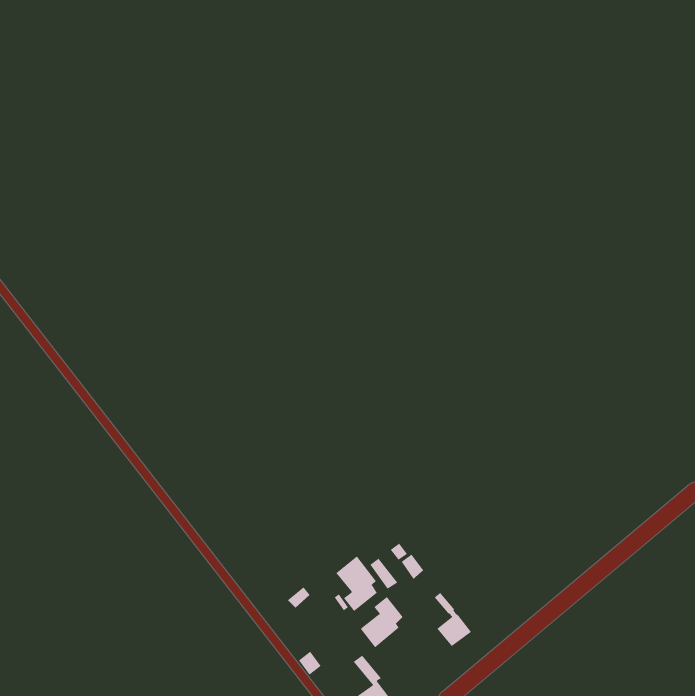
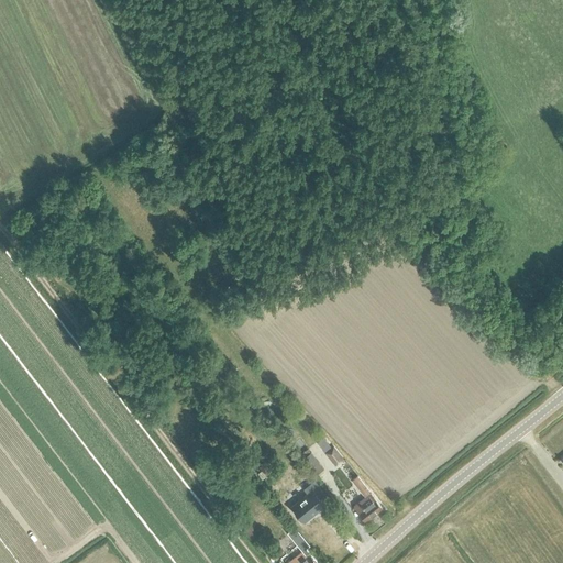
building: [335,555,378,612] -> none

